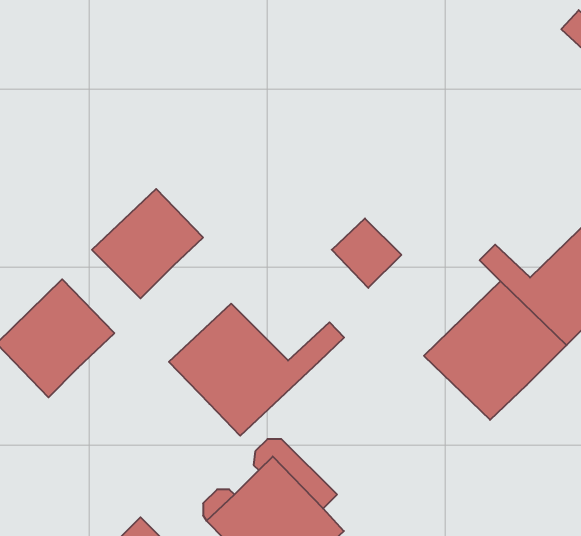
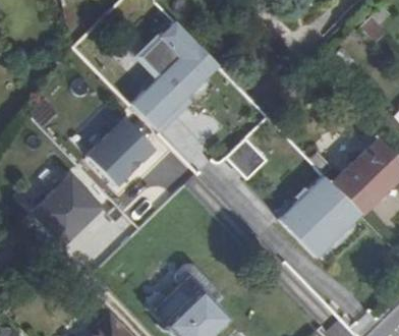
building: none -> [134,21,217,133]
building: [169,304,344,436] -> none

